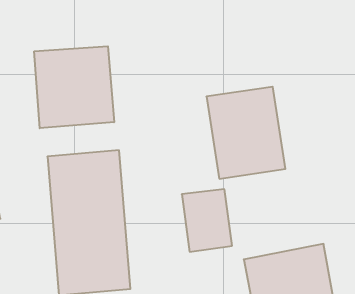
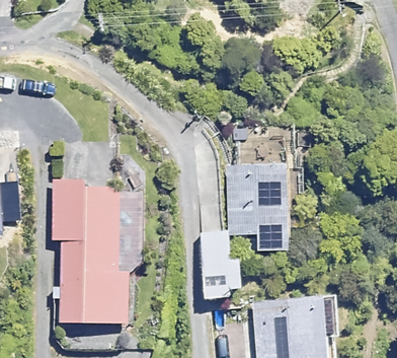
building: [34,46,114,128] -> none

